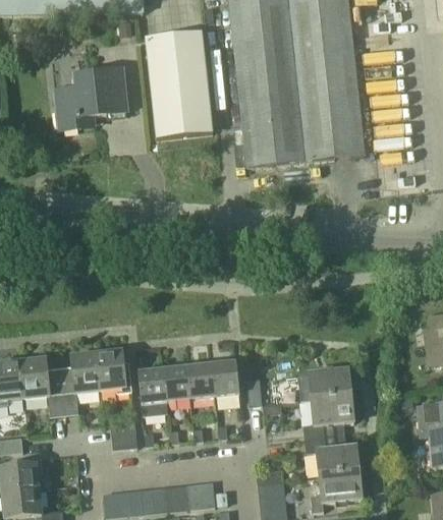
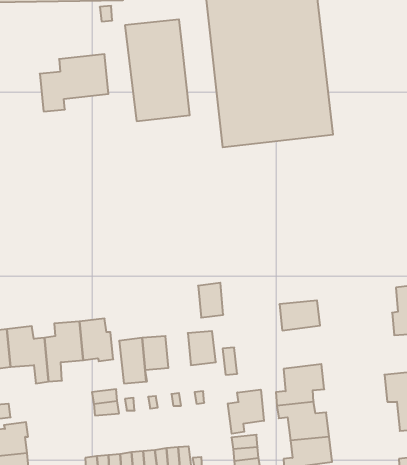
building: [187,362,214,399] -> [198,283,223,318]
building: [309,368,351,400] -> [279,300,320,330]
building: none -> [228,390,264,434]

